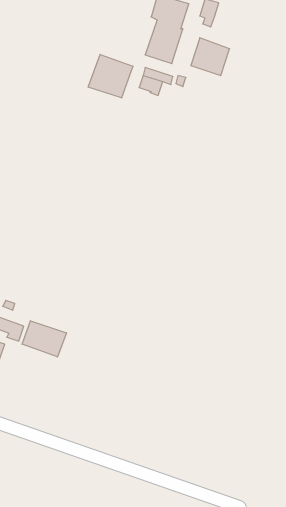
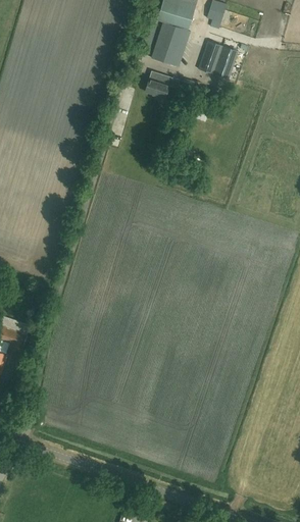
building: [88,54,133,98] -> none
building: [22,321,66,357] -> none

